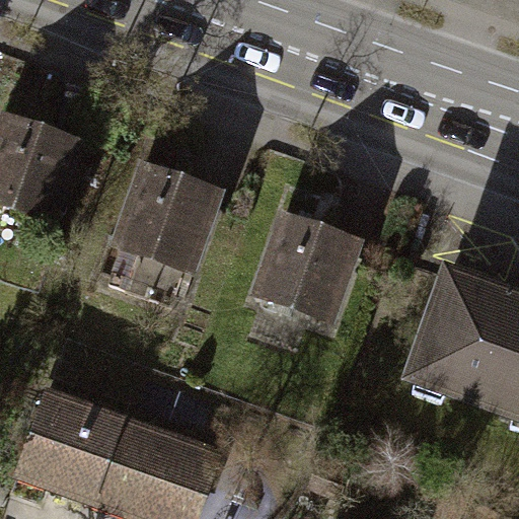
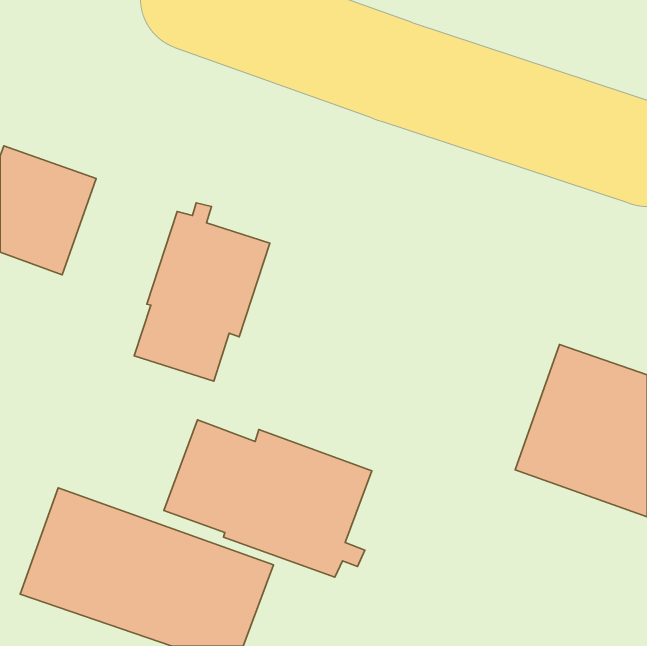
building: [254,208,355,318] -> none
building: none -> [164,420,372,577]

